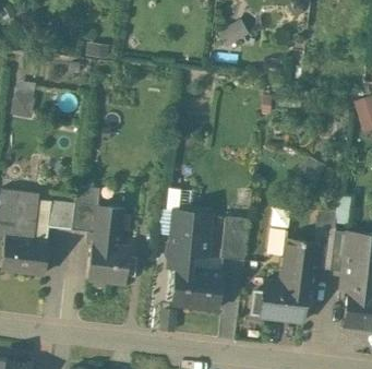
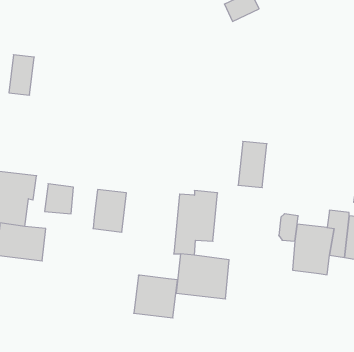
building: [73,188,100,234] -> none
building: [221,217,249,261] -> [238,141,267,188]
building: [88,245,130,285] -> [134,275,178,318]
building: [262,282,308,323] -> none

